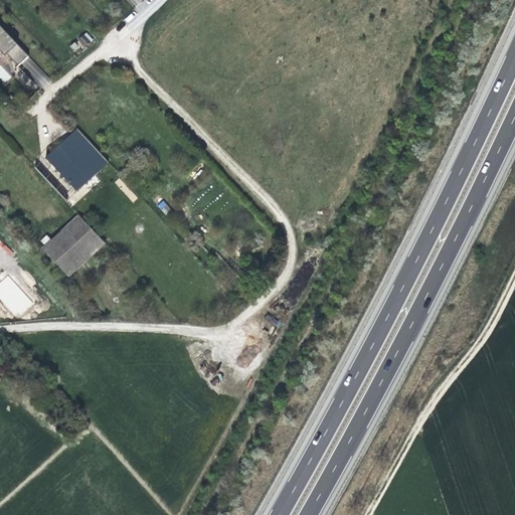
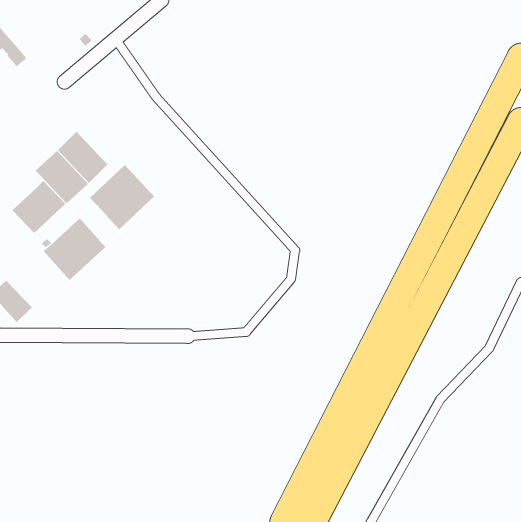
building: none -> [89,164,155,230]
building: none -> [11,180,66,234]

